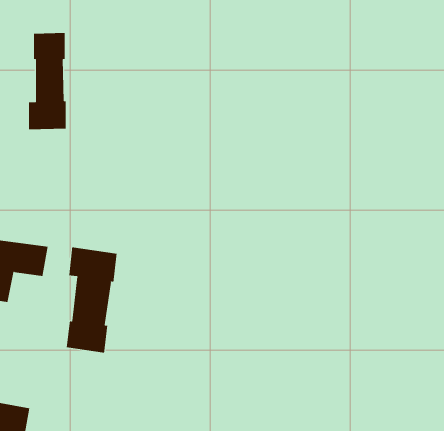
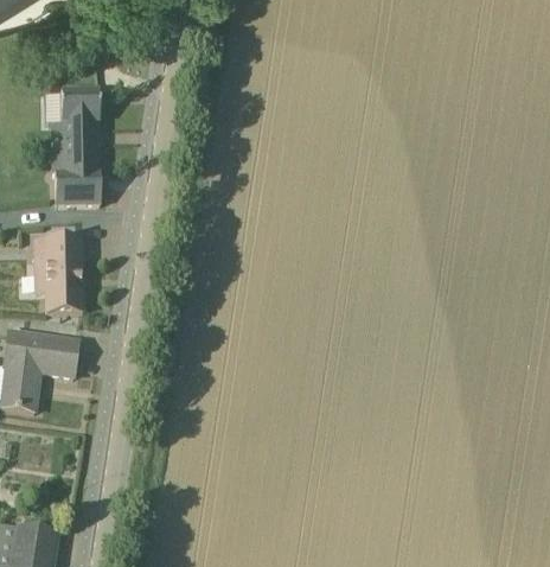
building: none -> [33,237,82,311]
building: [65,247,117,353] -> none

